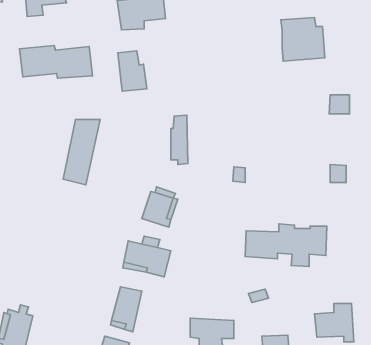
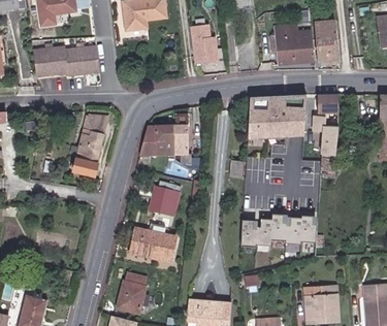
building: none -> [316,20,338,60]
building: [118,51,147,91] -> [192,31,219,68]
building: none -> [248,96,307,139]
building: none -> [312,117,336,155]
building: none -> [140,126,173,156]

